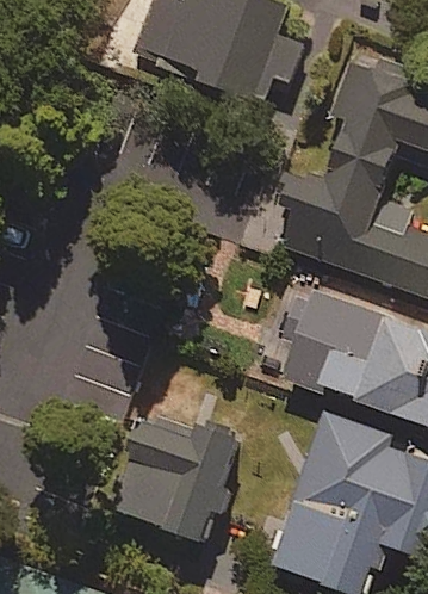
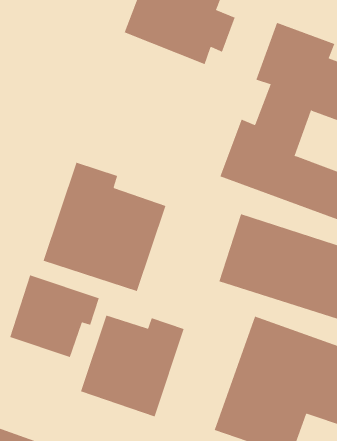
building: none -> [43,162,166,292]
building: none -> [9,274,100,358]

